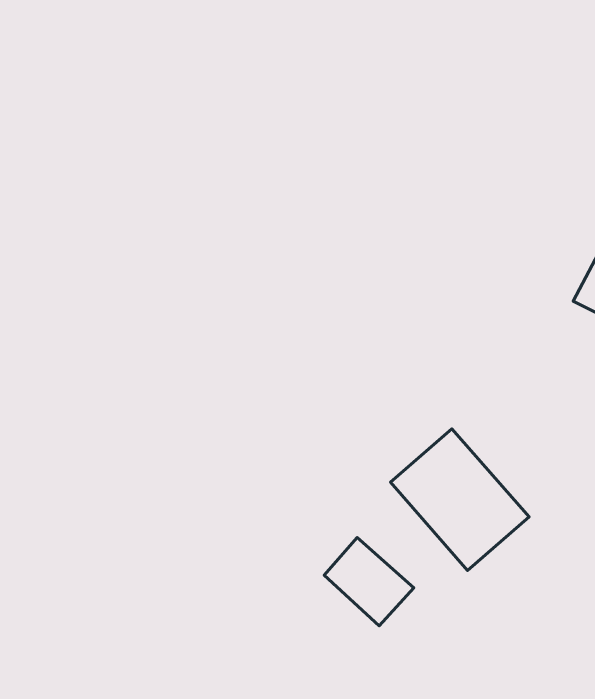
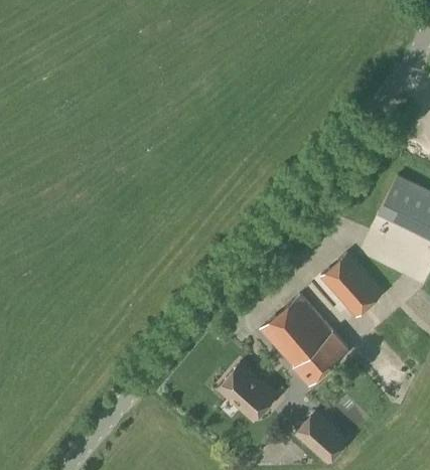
building: none -> [320,255,382,317]
building: none -> [297,409,351,462]

